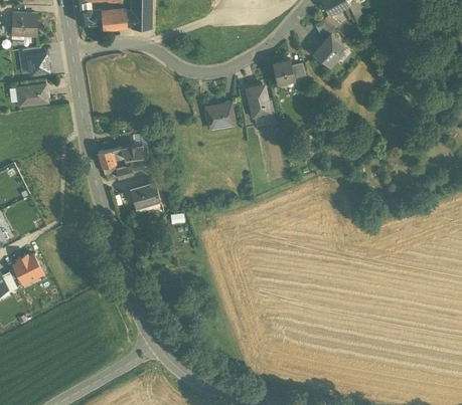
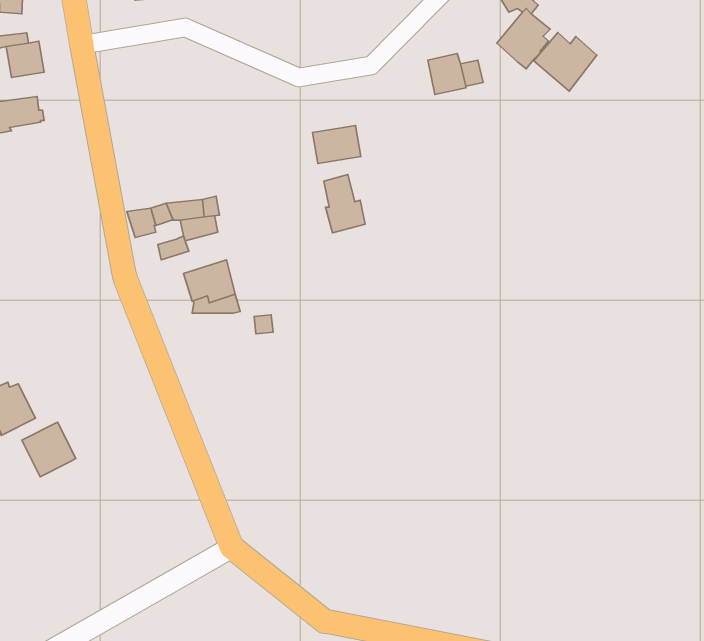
building: none -> [534,33,597,91]
building: [249,84,273,119] -> [324,174,365,233]
building: none -> [22,422,76,477]

